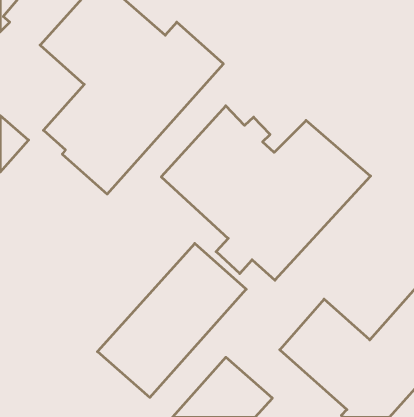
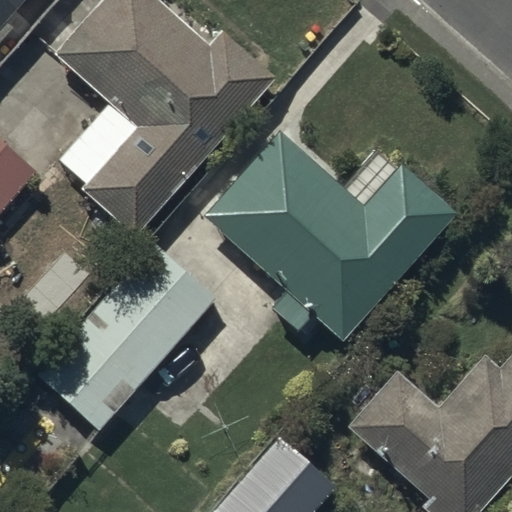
building: [97,243,246,397] -> [36,243,218,431]

